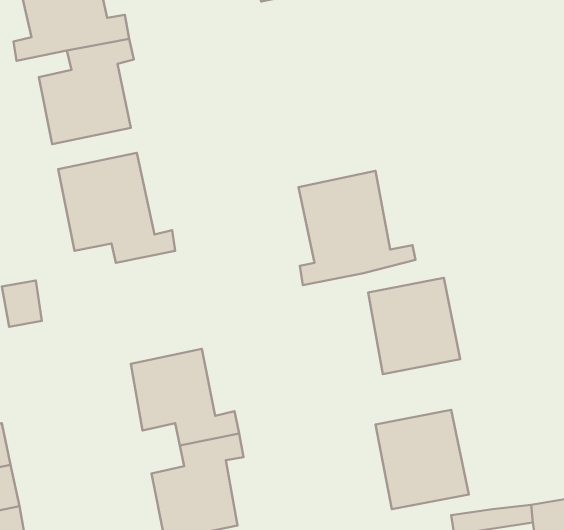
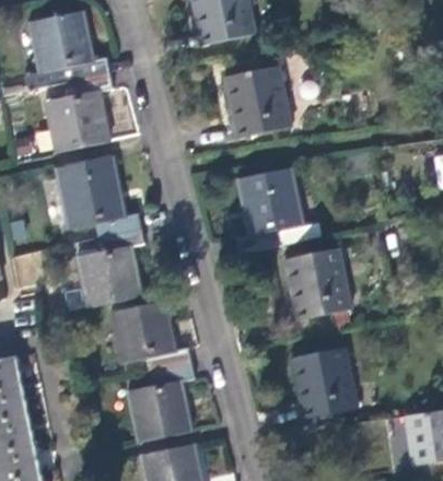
building: none -> [226,70,291,143]
building: none -> [77,230,147,308]

